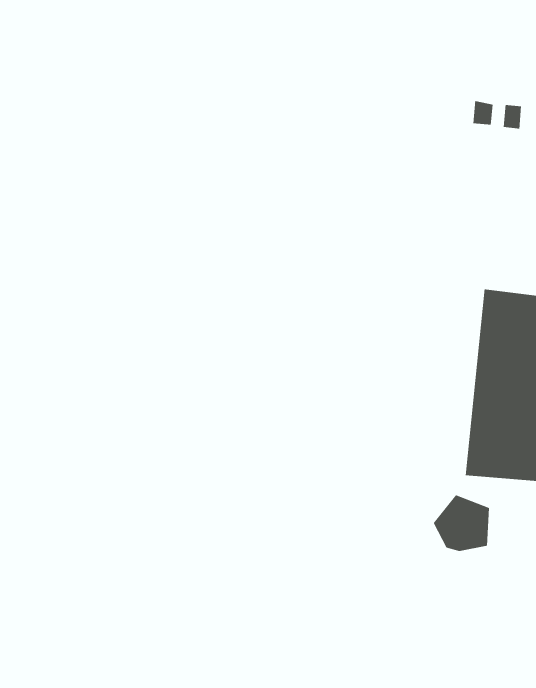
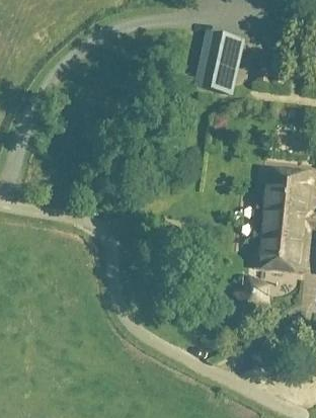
building: none -> [198,32,241,93]

